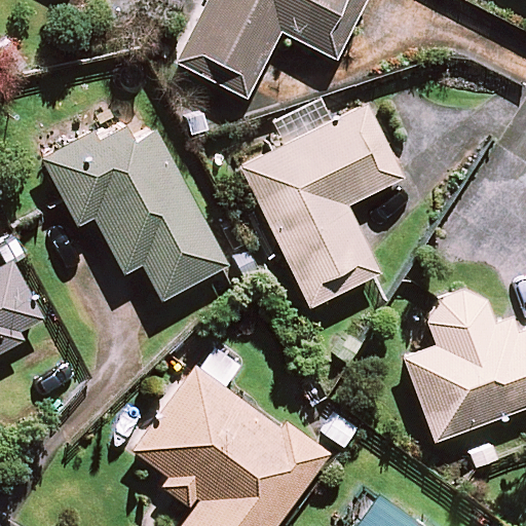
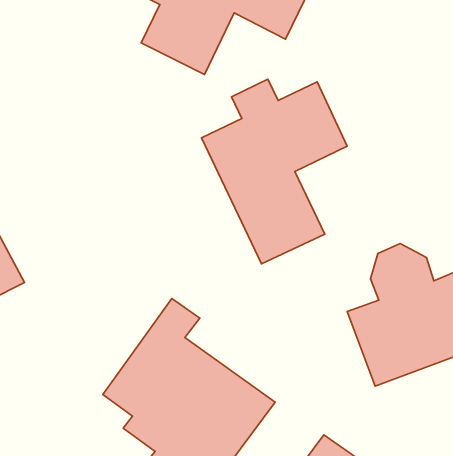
building: [42,105,226,301] -> none

